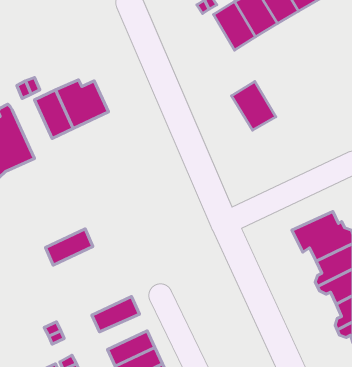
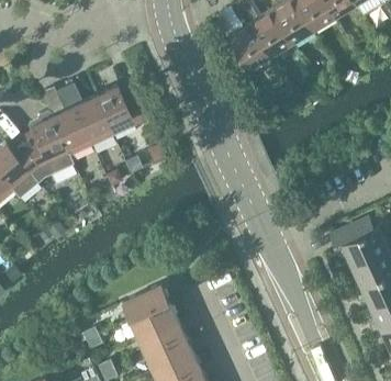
building: [232,81,276,130] -> [227,22,271,70]
building: none -> [51,107,90,155]
building: [45,229,93,265] -> [122,284,169,321]
building: none -> [137,320,185,355]

